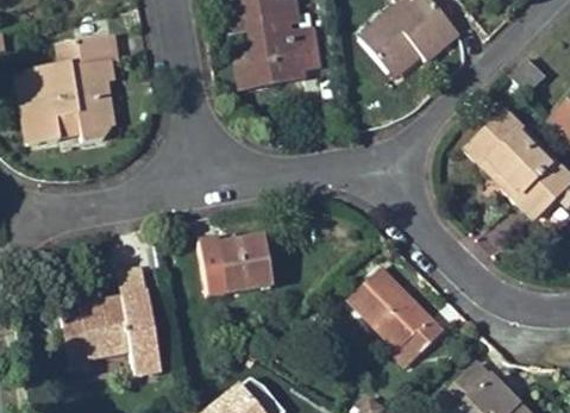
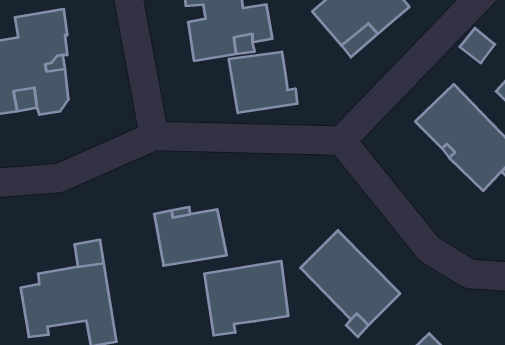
building: none -> [229,52,297,113]
building: none -> [204,261,288,335]

